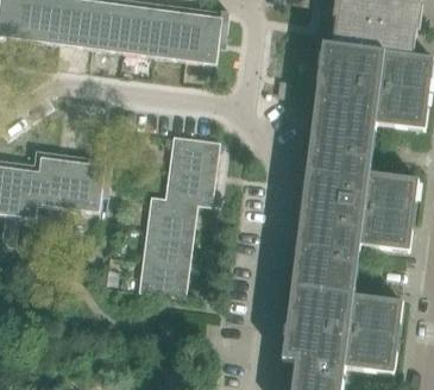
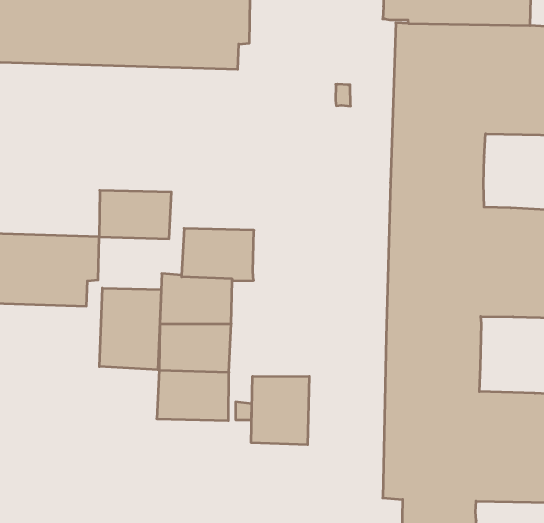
building: [169,136,220,172] -> [99,190,171,239]
building: none -> [99,288,161,370]
building: none -> [251,376,309,445]

